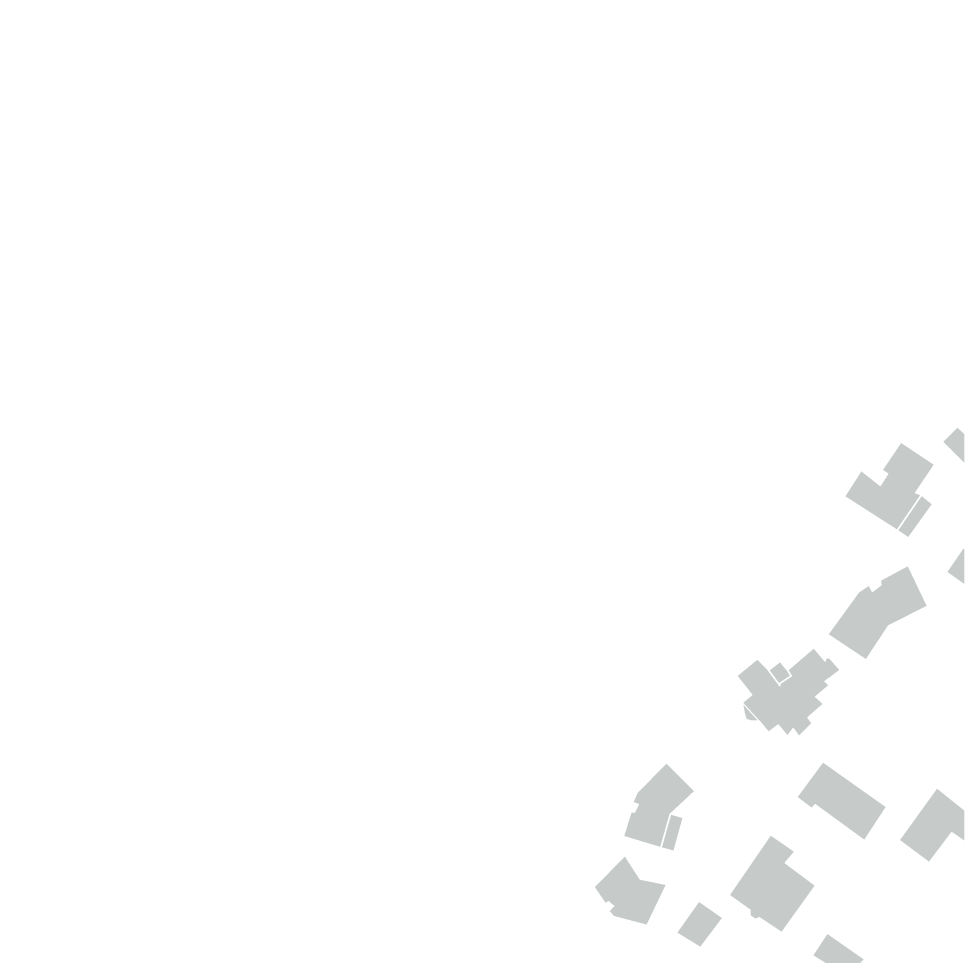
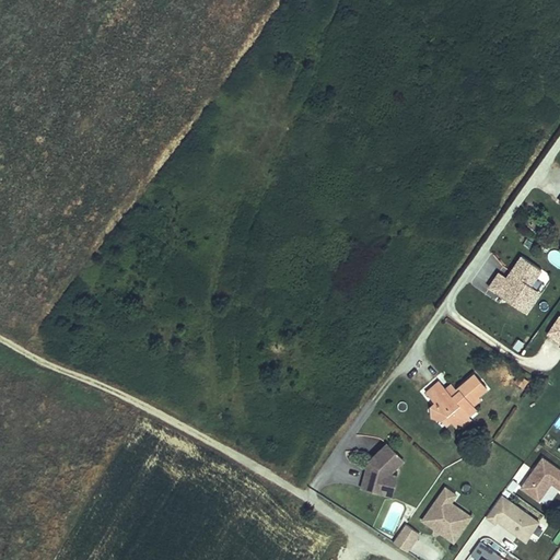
building: [828,565,928,660] -> none
building: [796,761,887,841] -> [486,495,538,541]
building: [594,855,667,926] -> none

